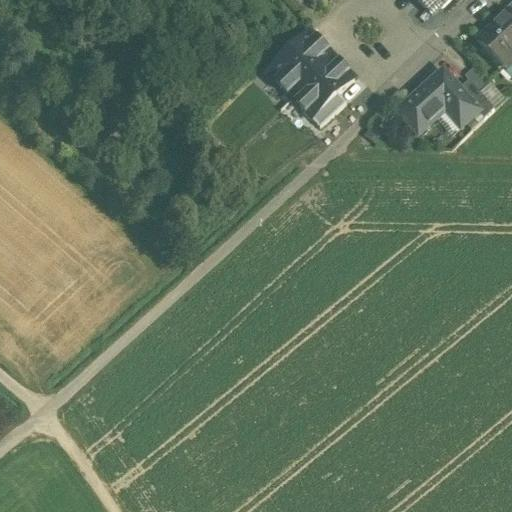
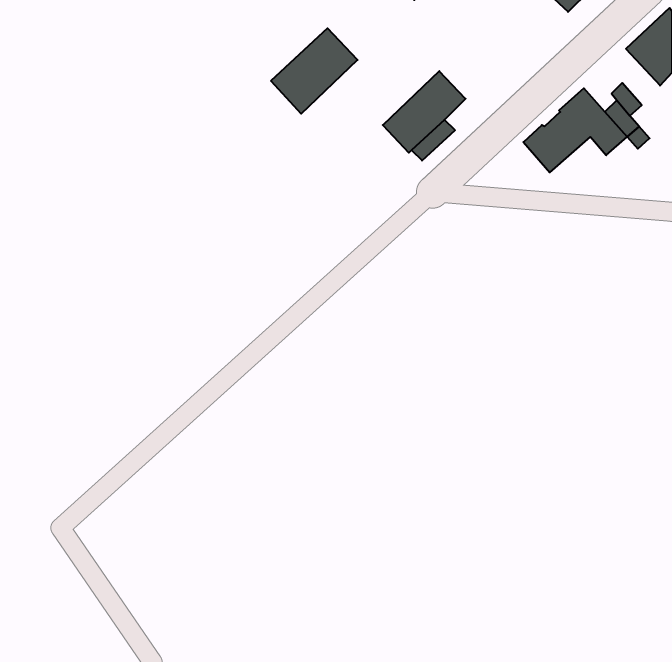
building: [268,30,334,95] -> [271,28,358,114]

